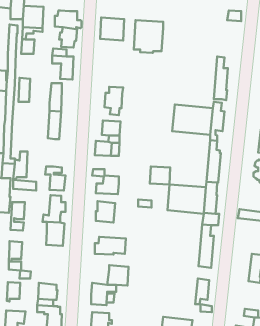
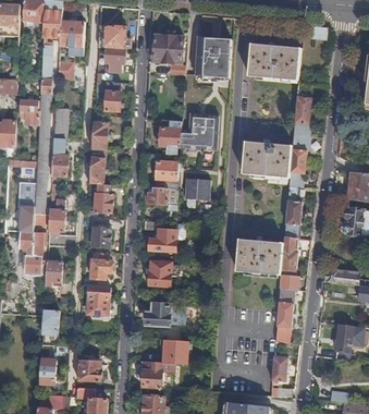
building: none -> [247,45,300,81]
building: none -> [180,112,218,149]
building: none -> [50,138,66,179]
building: none -> [87,184,112,218]
building: [150,167,170,184] -> [185,178,210,199]

